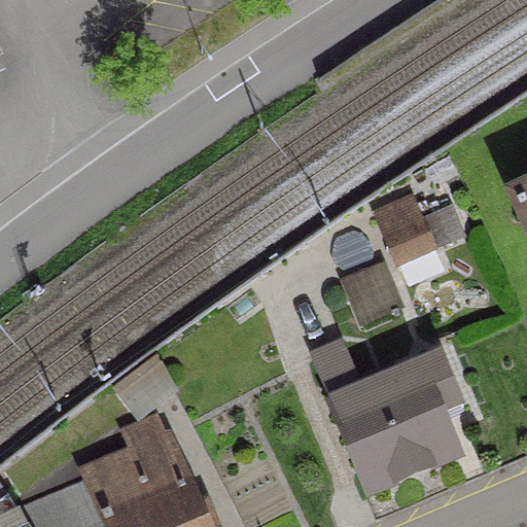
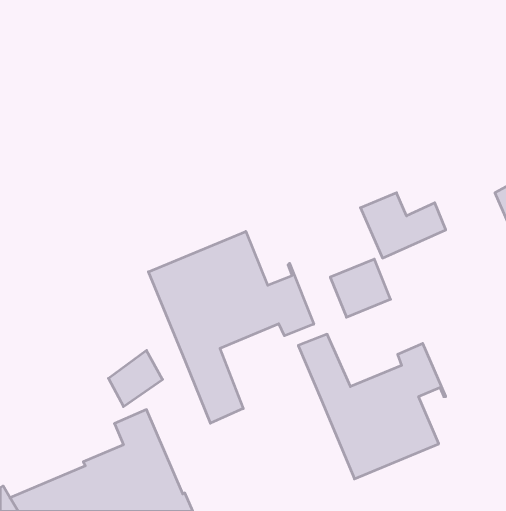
building: none -> [148,231,314,423]

